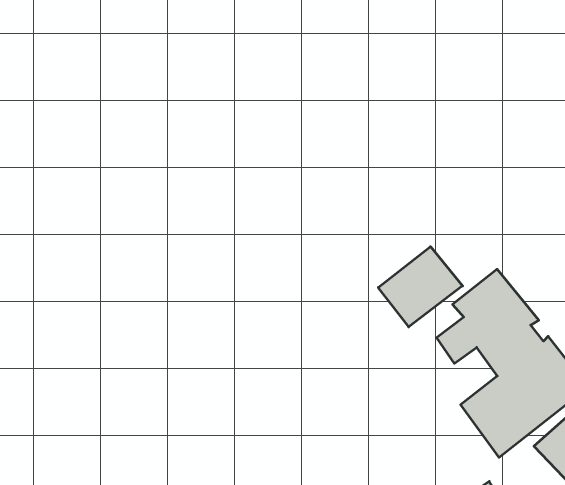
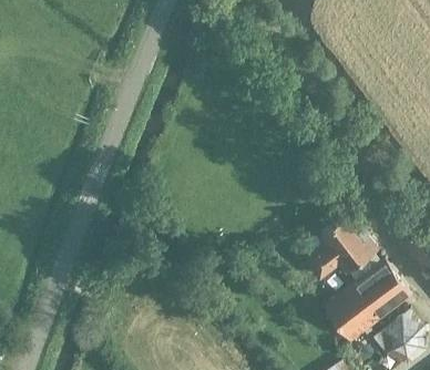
building: [378,247,463,327] -> none

